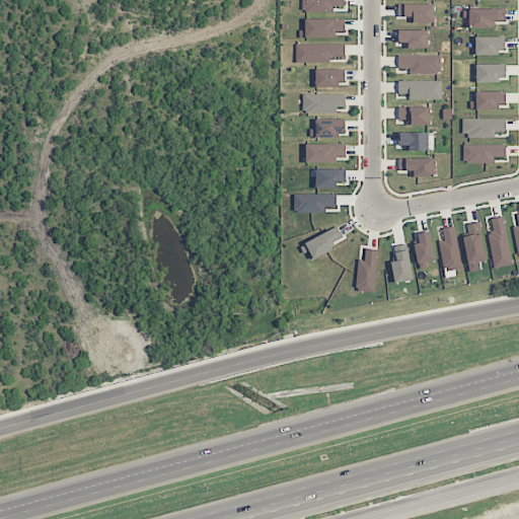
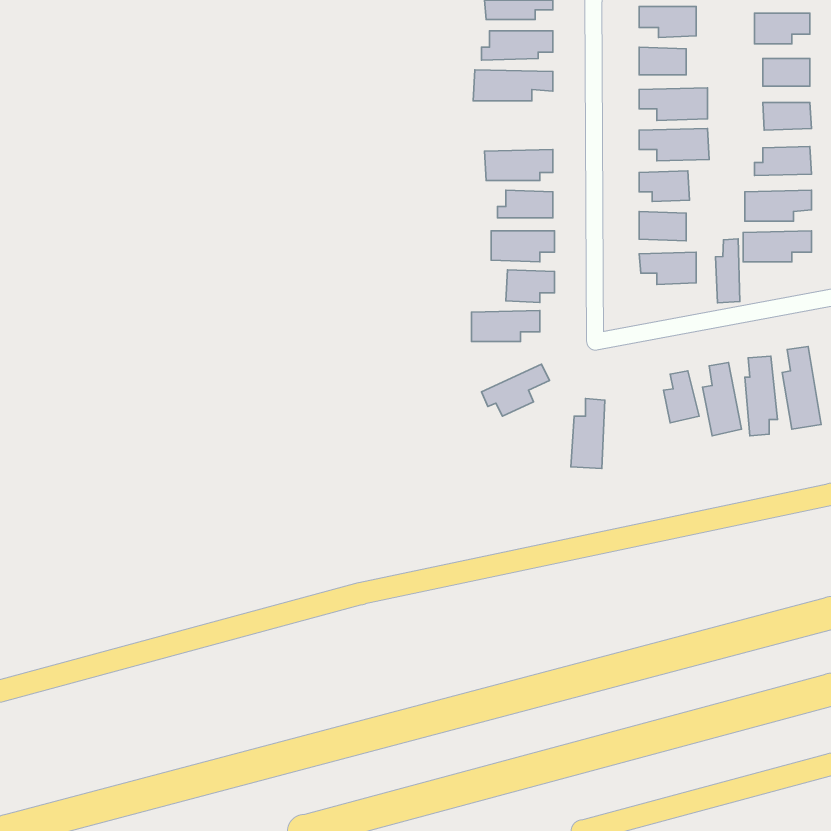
building: [316,69,345,86] -> none
building: none -> [715,239,740,303]
building: [390,250,414,283] -> none

